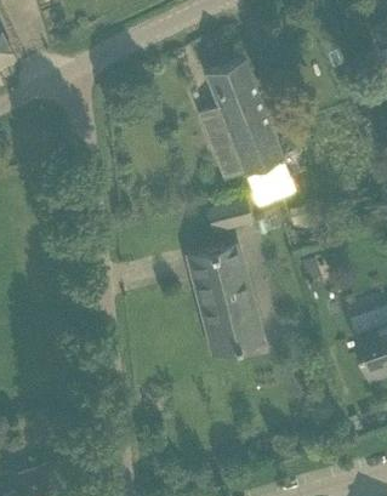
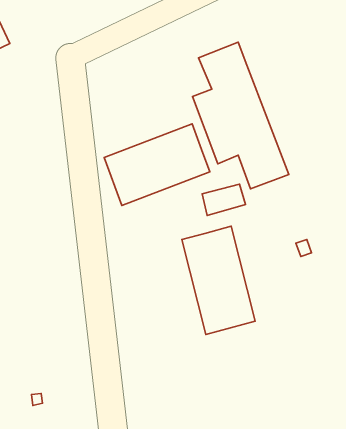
building: none -> [104,124,210,205]

